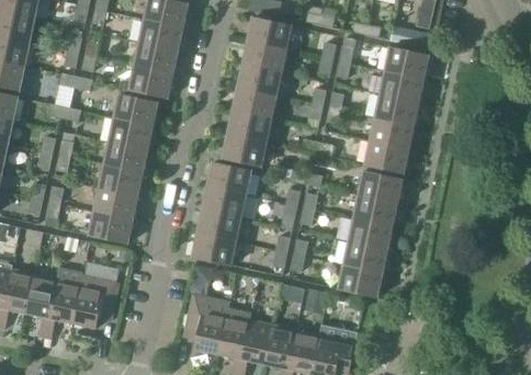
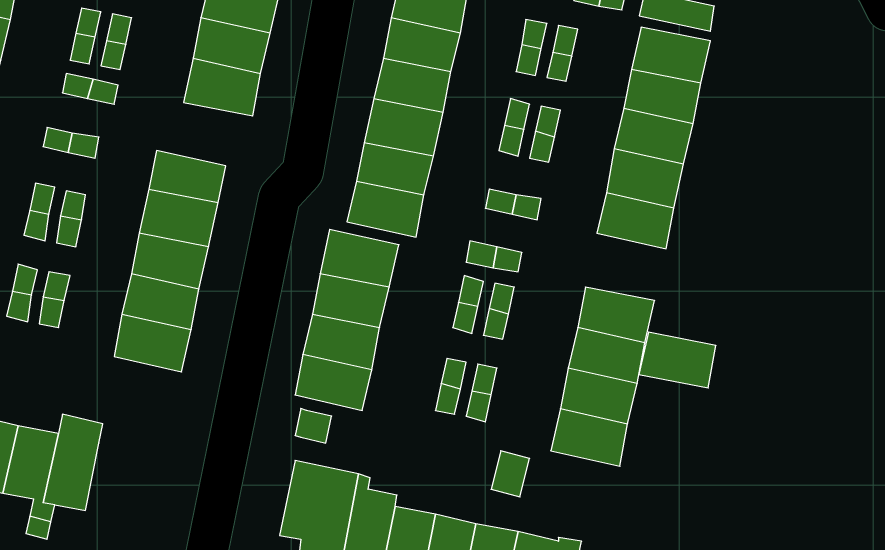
building: [113,94,158,126] -> none
building: [358,171,402,203] -> [639,332,716,388]
building: [72,273,118,328] -> none

